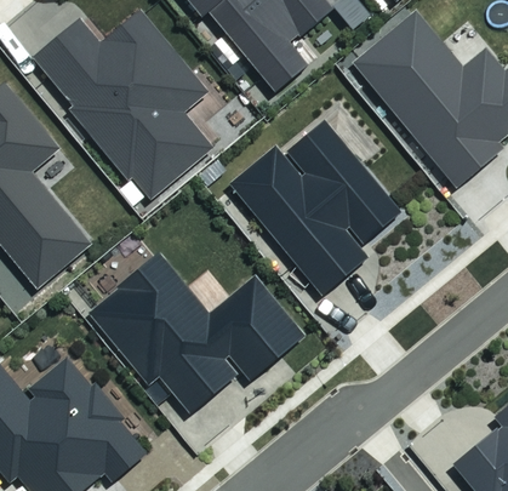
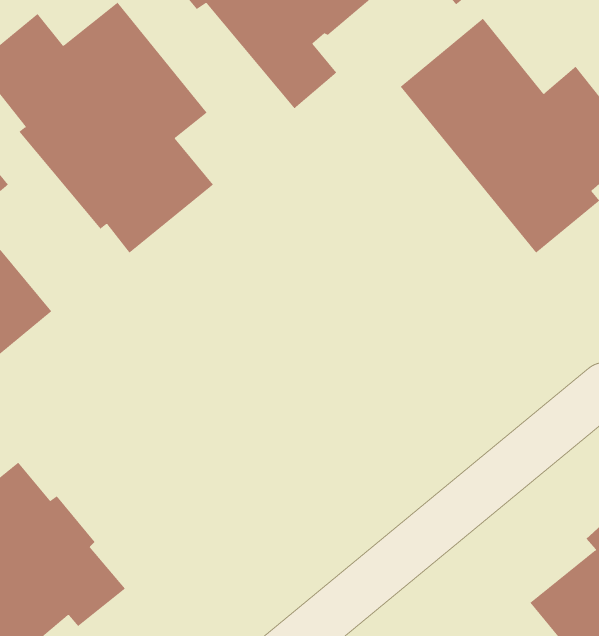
building: [229,119,400,293] -> none
building: [87,251,304,411] -> none

